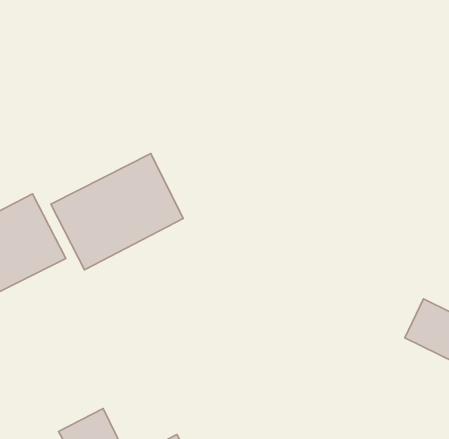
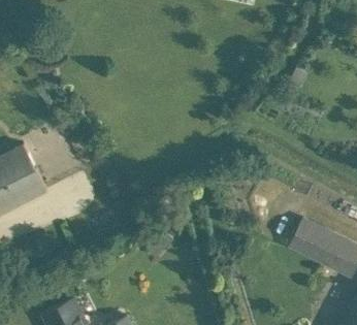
building: [51,154,183,270] -> none

